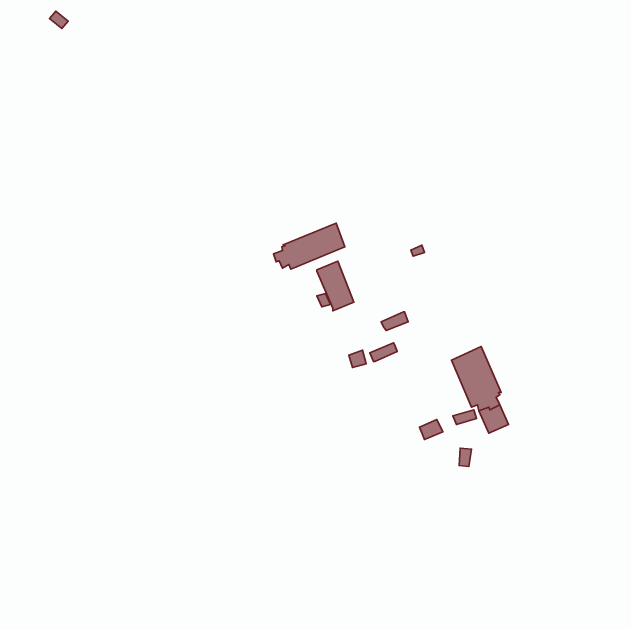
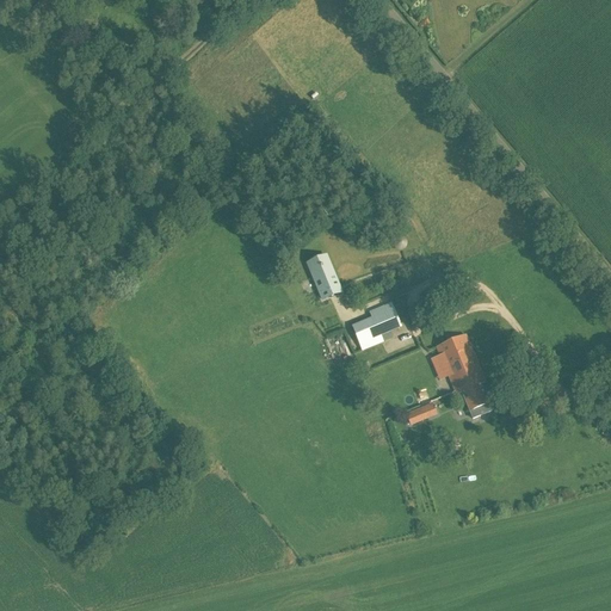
building: [273,223,345,269] -> none

